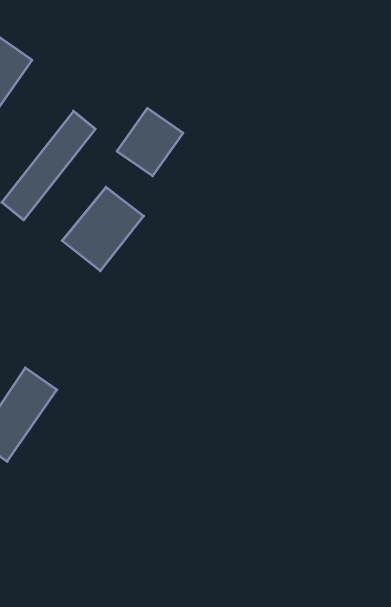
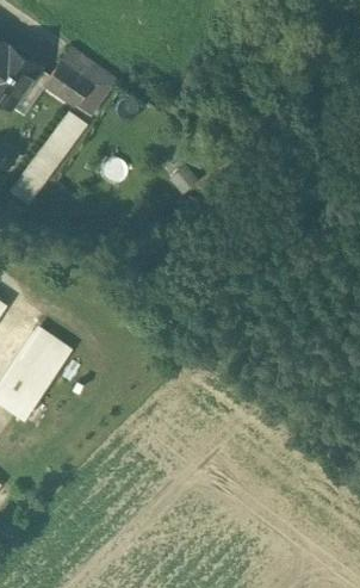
building: [117,108,183,176] -> [44,50,101,109]
building: [62,187,144,271] -> none

